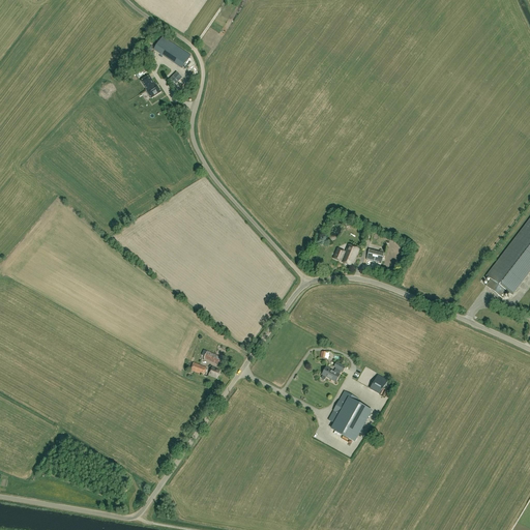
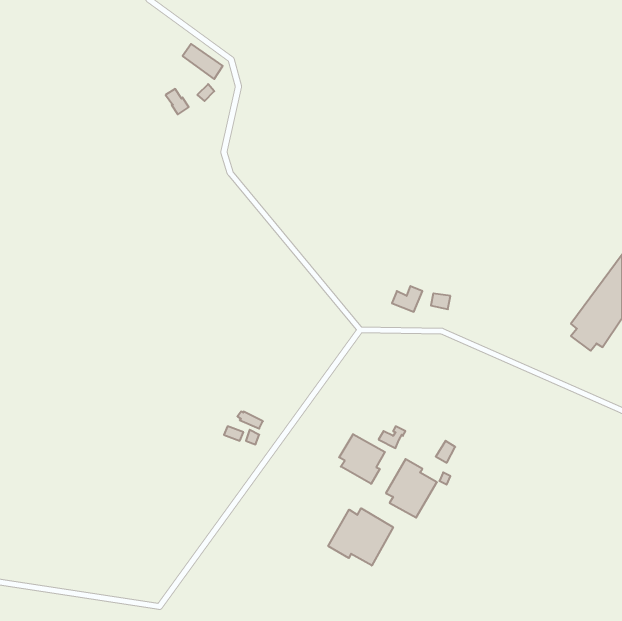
building: none -> [339,434,385,484]
building: none -> [328,508,393,566]

